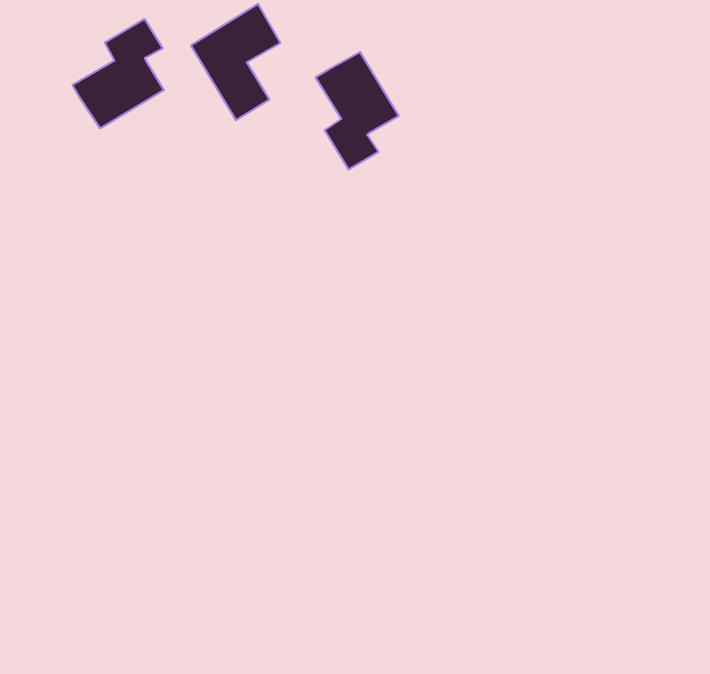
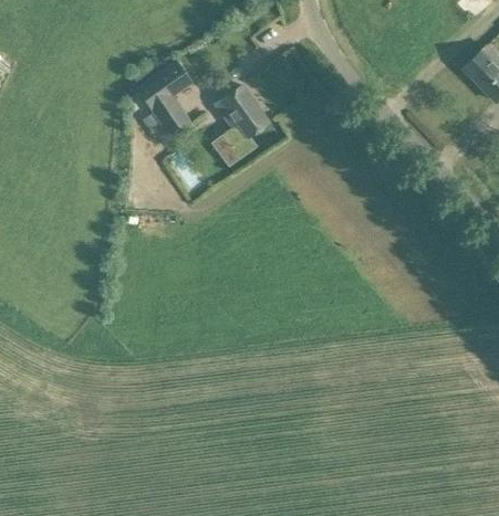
building: [72,19,164,128] -> none

